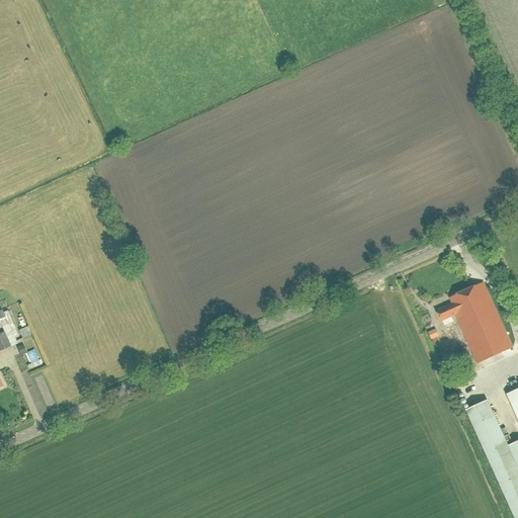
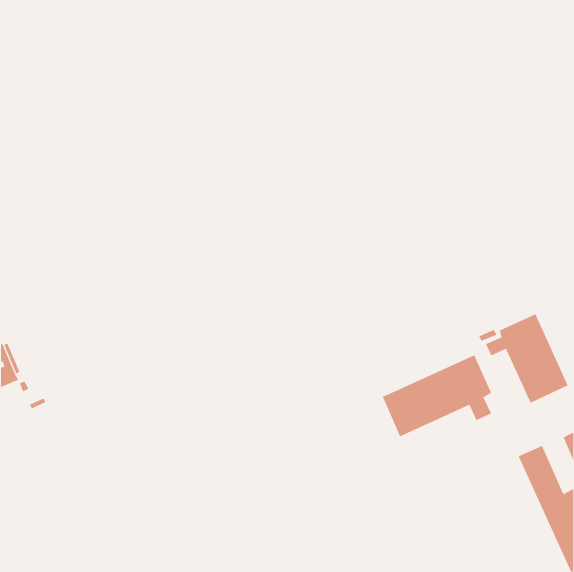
building: none -> [382,355,492,437]

